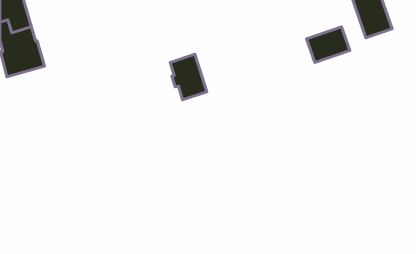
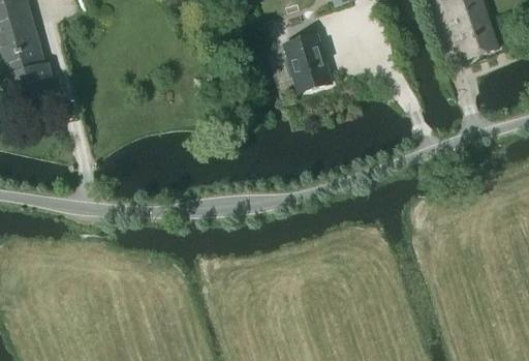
building: [307,27,350,62] -> none
building: [170,54,207,100] -> [284,33,331,91]

